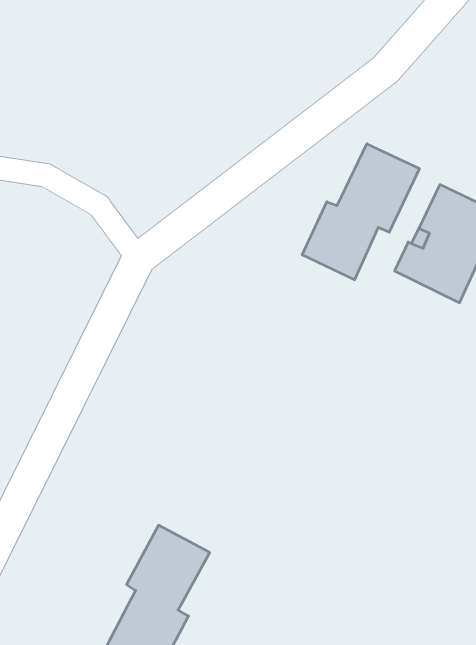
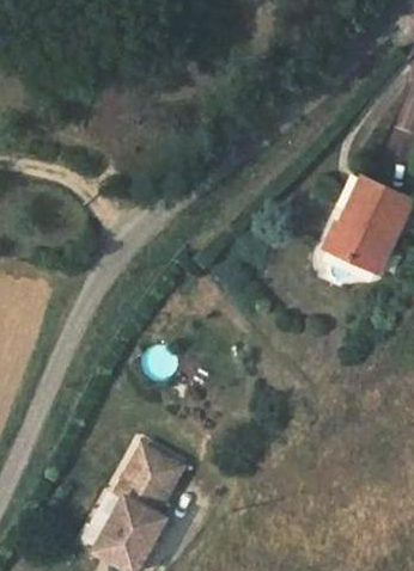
building: [302,144,419,280] -> none

